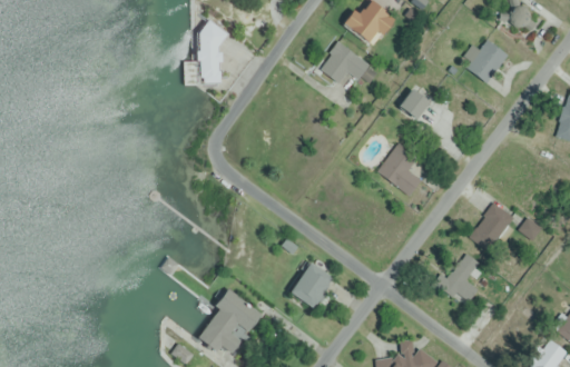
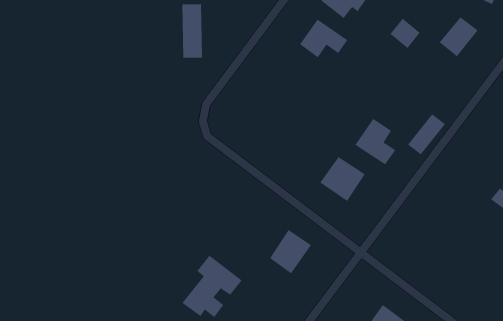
building: [397,88,430,120] -> [390,18,421,49]
building: none -> [320,156,366,202]
building: [476,207,517,250] -> [407,113,446,155]
building: [439,251,480,306] -> none

